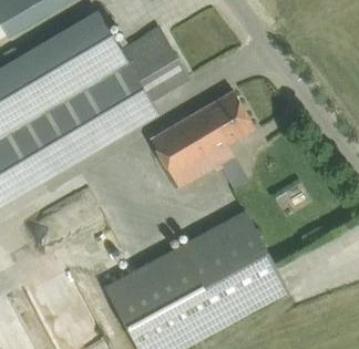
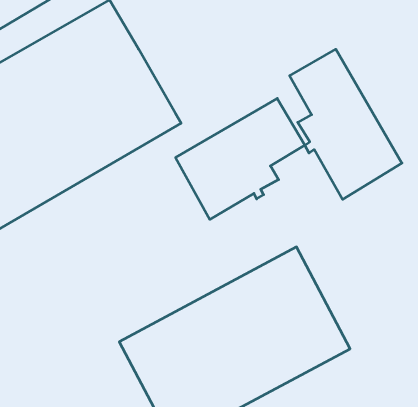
building: [121,27,191,102] -> none
building: none -> [290,49,402,199]

